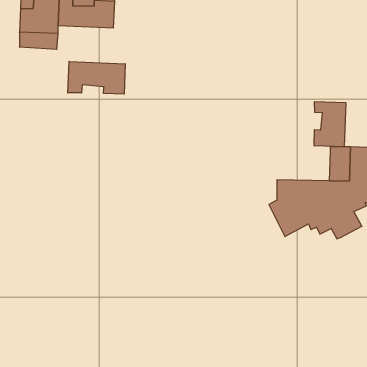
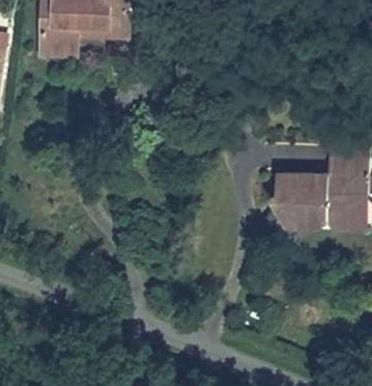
building: [68,61,125,94] -> none
building: [314,102,346,147] -> none

